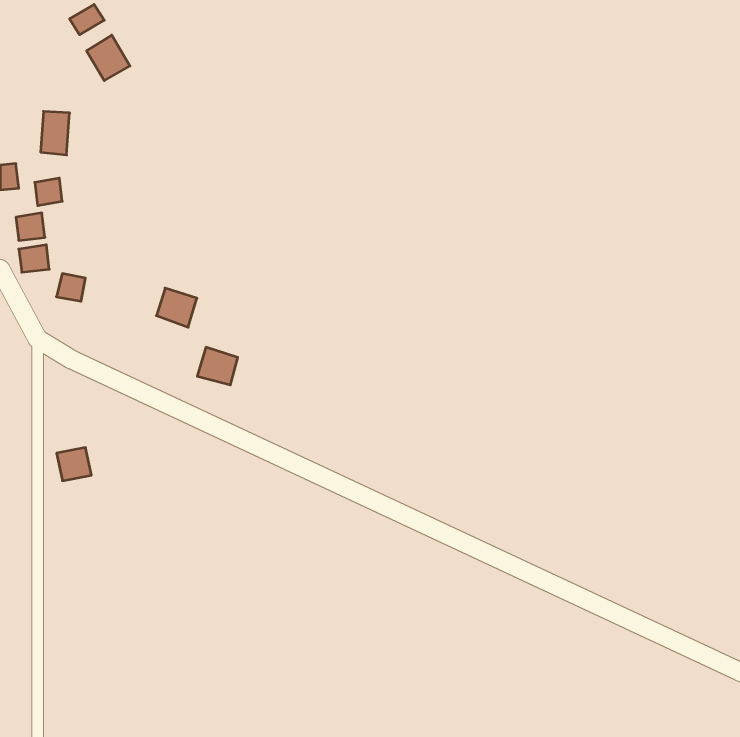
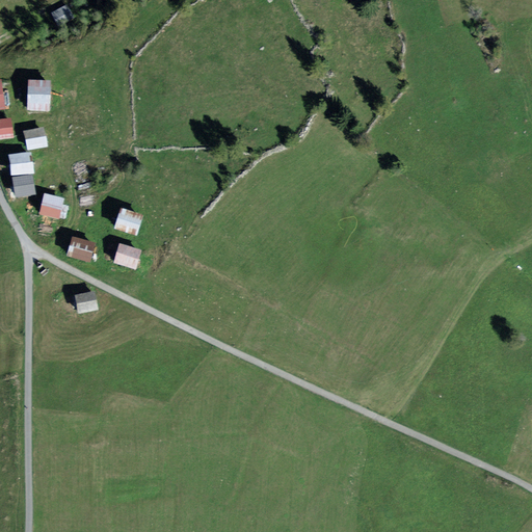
building: [87,35,130,81] -> none
building: none -> [64,234,94,260]
building: [197,347,238,385] -> [111,241,140,268]
building: [57,448,91,481] -> [73,289,98,313]

